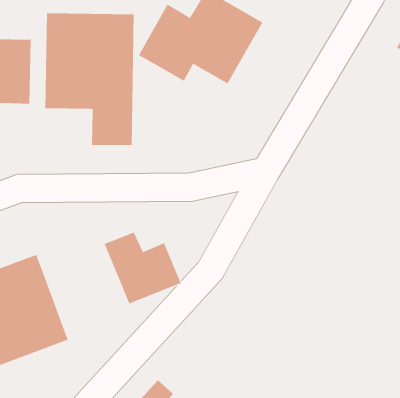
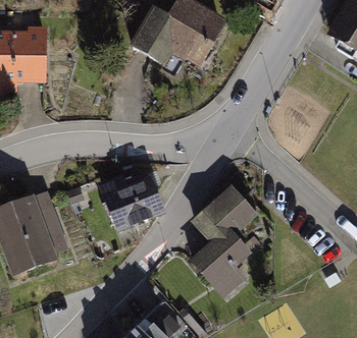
building: [45,12,134,146] -> none
building: none -> [192,189,261,301]

